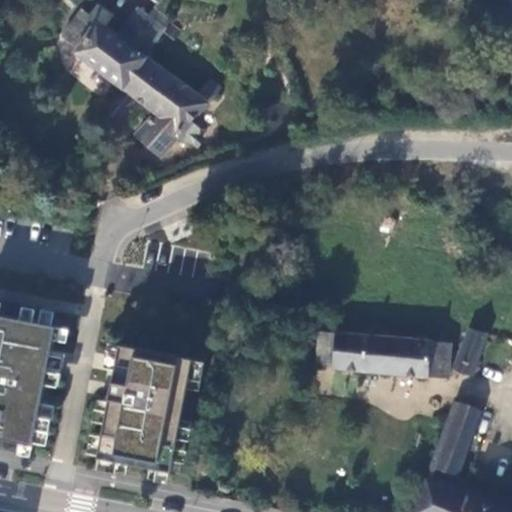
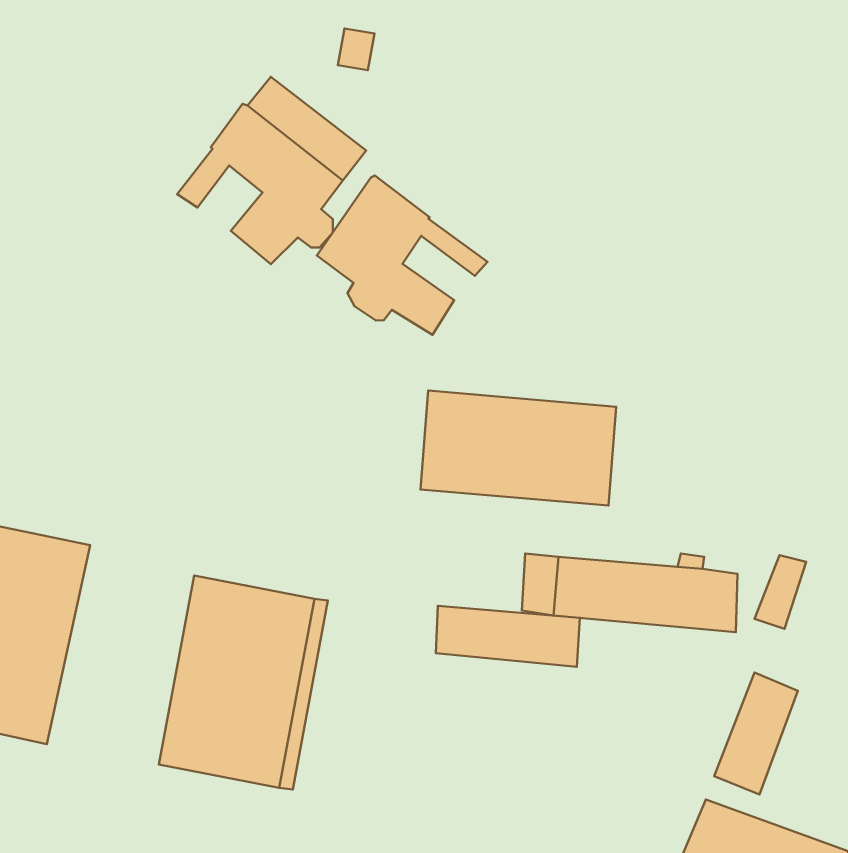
building: [66,6,168,89] -> none
building: none -> [317,175,487,335]
building: none -> [421,391,616,506]
building: none -> [436,606,580,667]

